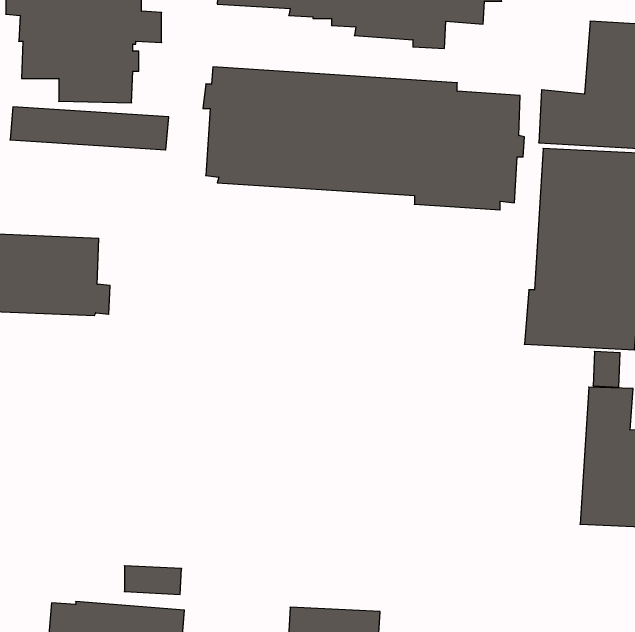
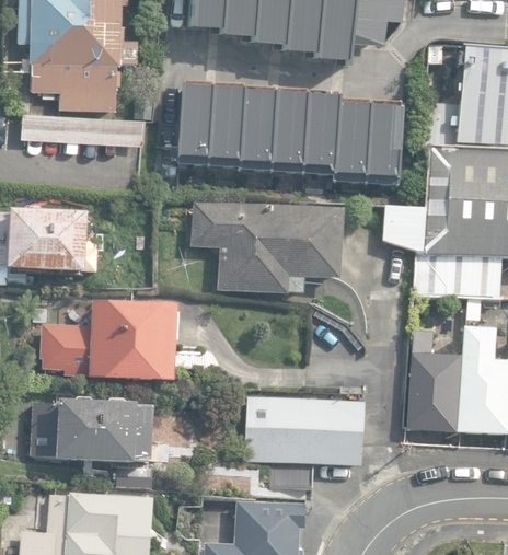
building: none -> [192,203,344,294]
building: none -> [382,206,425,252]
building: none -> [41,300,180,382]
building: none -> [406,329,461,432]
building: none -> [32,389,157,463]
building: none -> [244,393,365,488]

